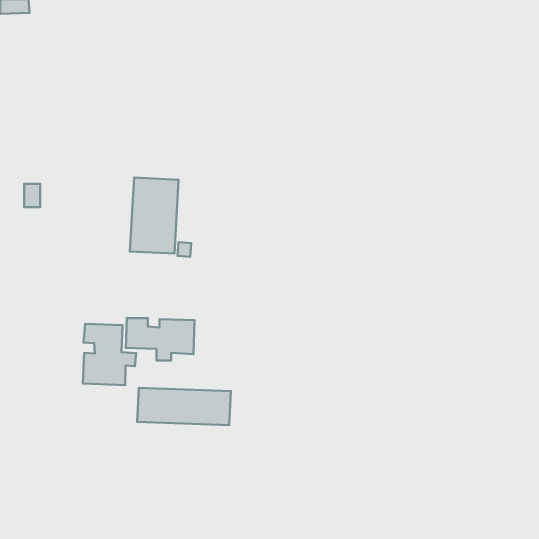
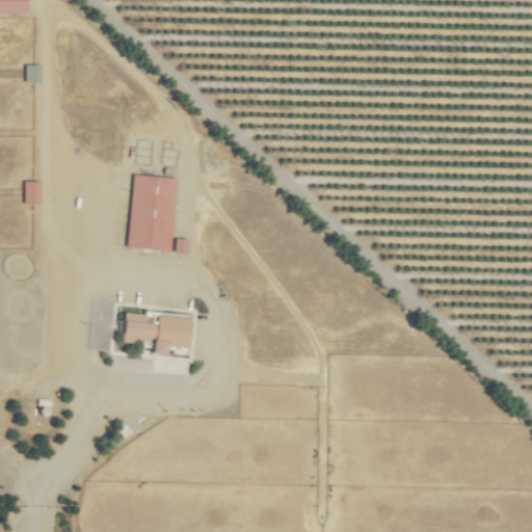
building: [83,324,136,385] -> none
building: [137,388,231,425] -> none

